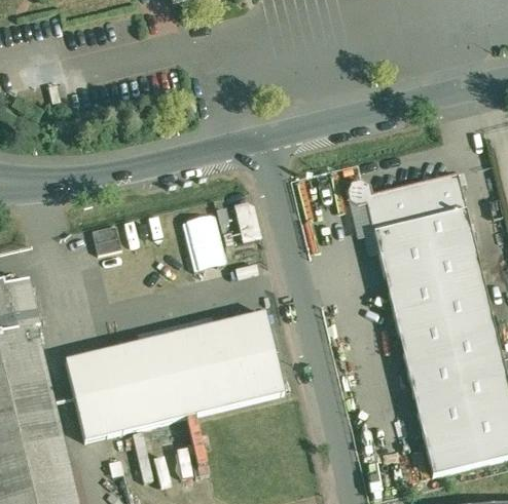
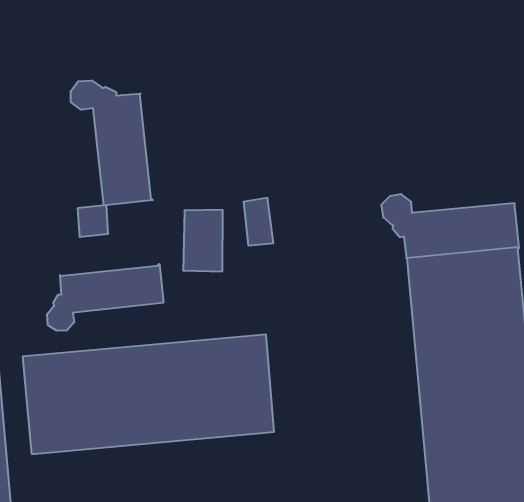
building: none -> [71,80,153,205]
building: none -> [47,264,163,331]

